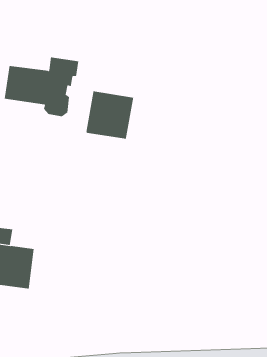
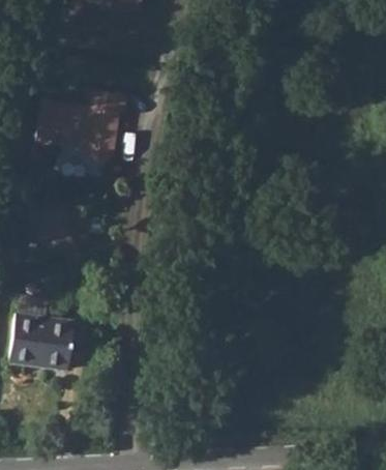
building: [86,91,134,140] -> none

